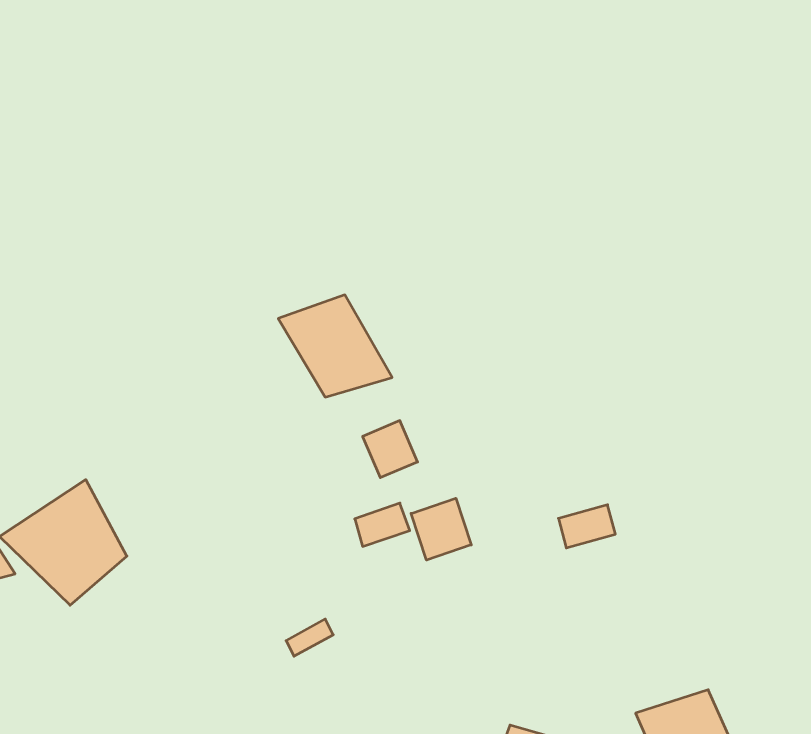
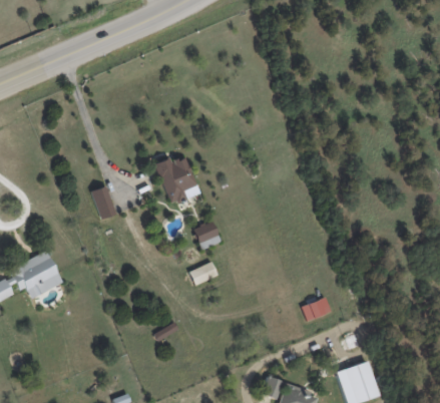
building: none -> [90,185,115,220]
building: [411,498,471,560] -> none
building: [558,505,615,548] -> [301,298,330,320]

